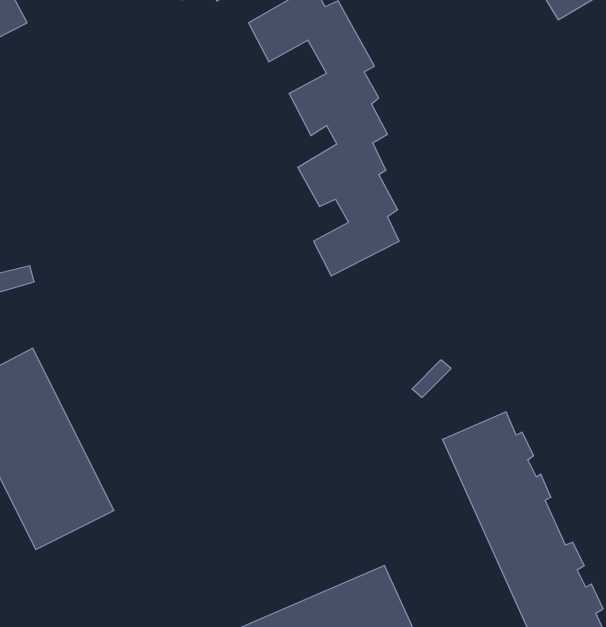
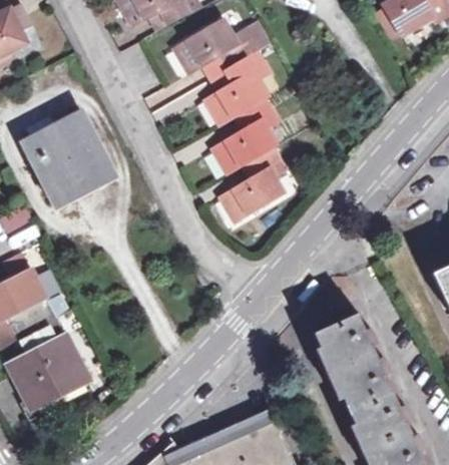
building: none -> [20,112,114,205]

